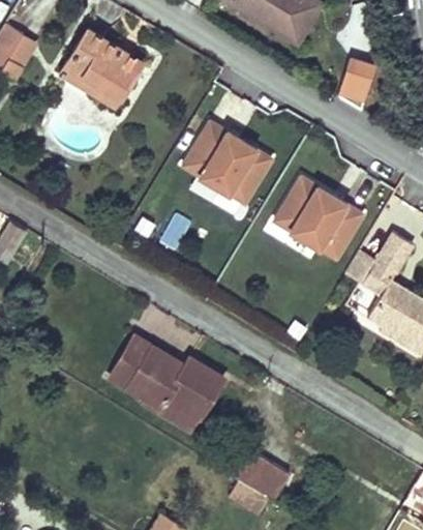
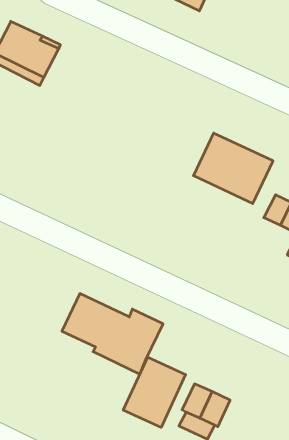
building: [334,55,376,108] -> none
building: [180,121,269,203] -> none
building: none -> [123,357,186,427]

